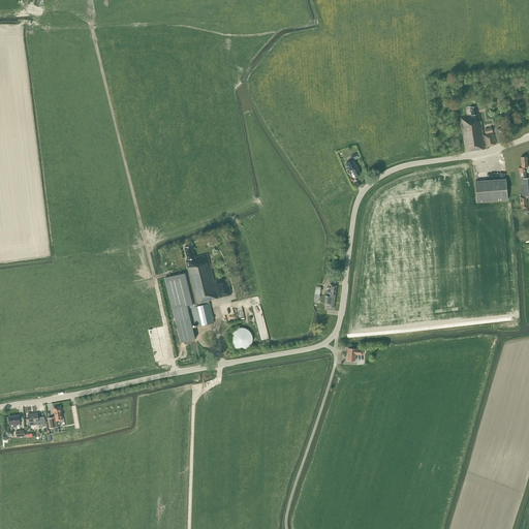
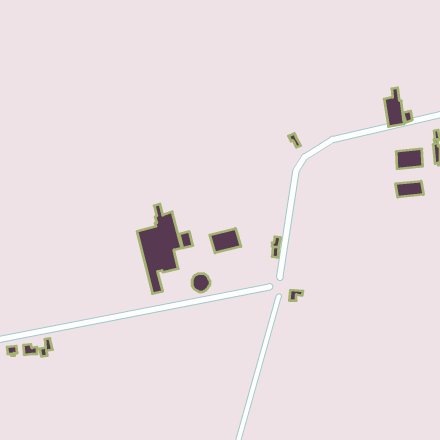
building: none -> [396,181,423,197]
building: none -> [210,228,241,253]

